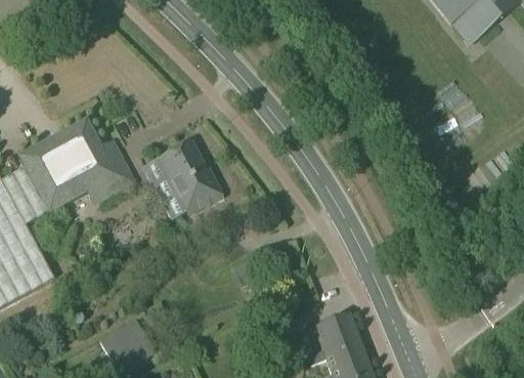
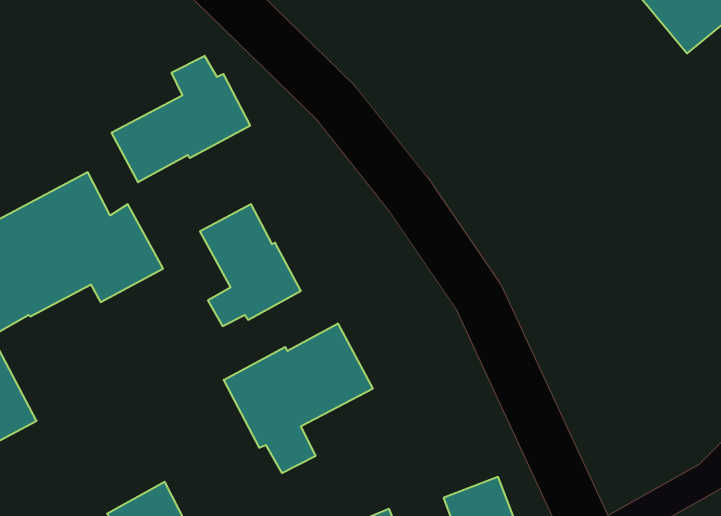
building: none -> [112,56,250,182]
building: none -> [224,323,373,473]

